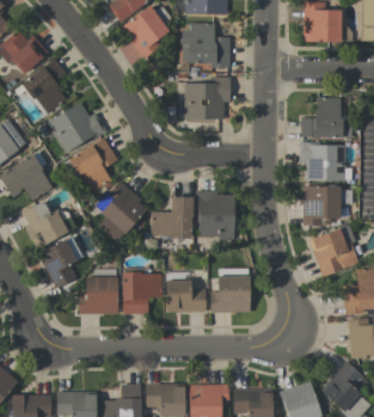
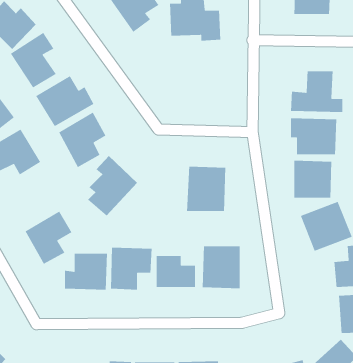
building: [183,76,231,119] -> none
building: [149,196,194,238] -> none
building: [19,202,68,247] -> none

